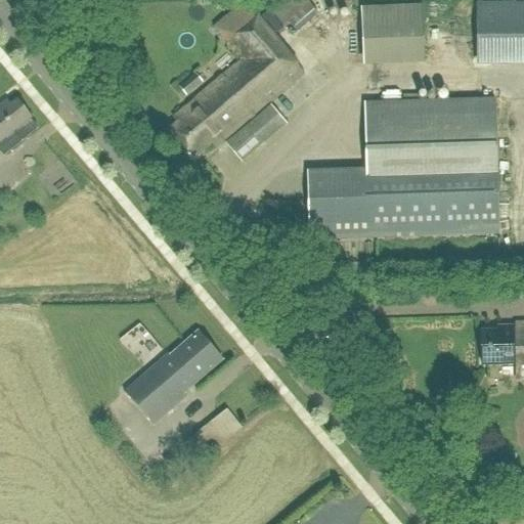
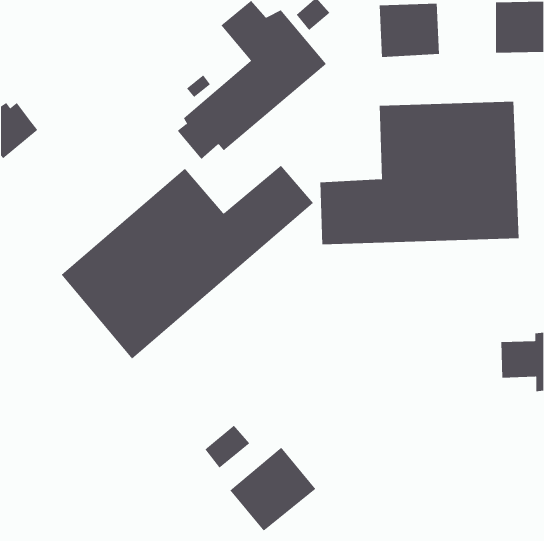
building: [225,102,286,161] -> none
building: none -> [61,165,314,359]
building: [125,330,221,422] -> none
building: none -> [229,447,316,532]

